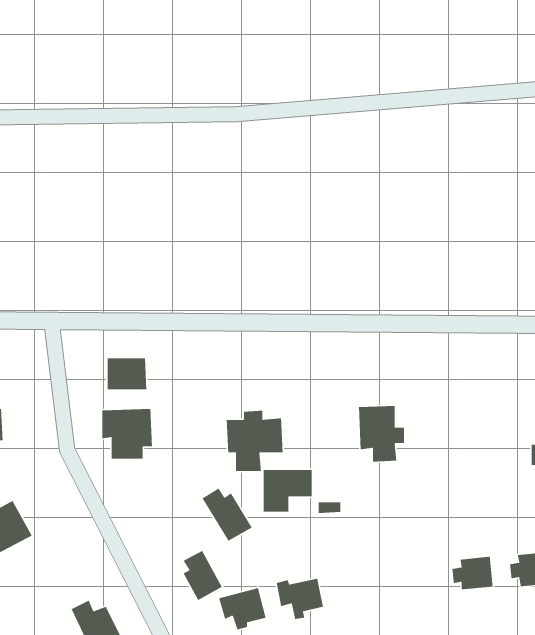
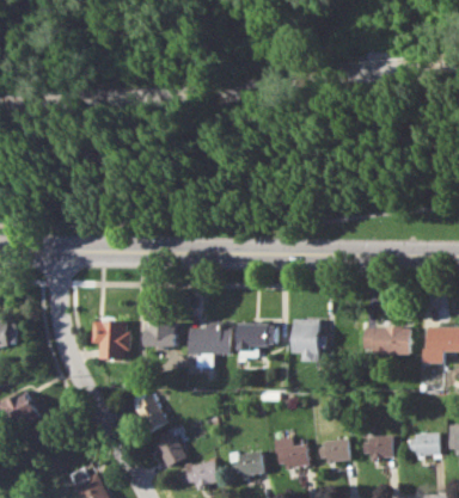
building: [107,357,147,390] -> [146,322,177,348]
building: none -> [363,327,410,355]
building: [263,469,313,513] -> [239,324,277,357]
building: [202,487,253,542] -> [129,391,169,432]
building: none -> [271,436,310,471]
building: none -> [318,437,351,463]

